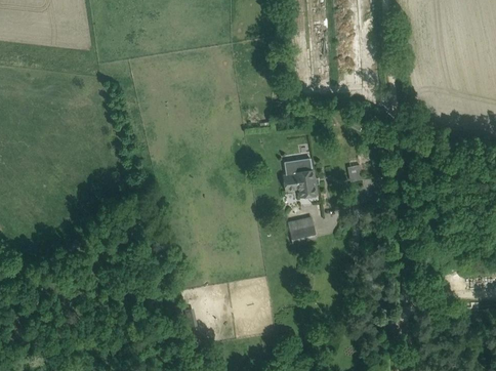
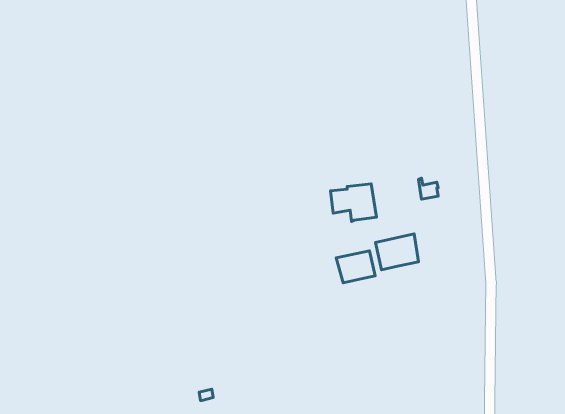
building: none -> [376,234,419,270]

